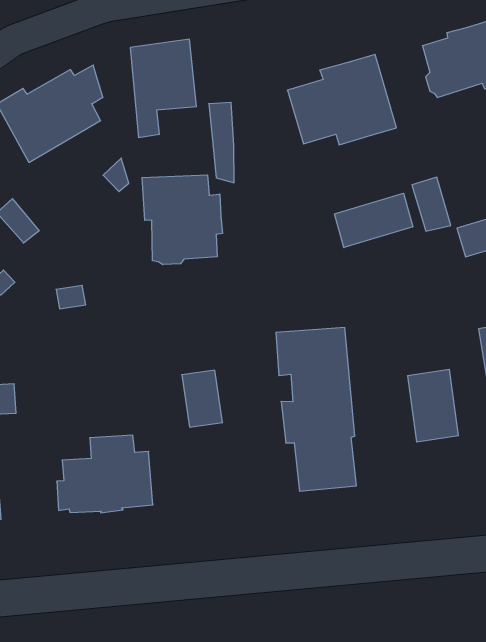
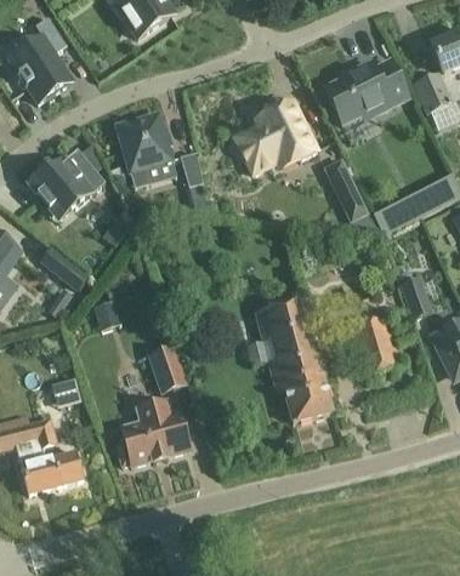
building: [142,175,222,265] -> none
building: [335,193,413,248] -> none
building: [182,370,223,427] -> [149,348,184,392]

